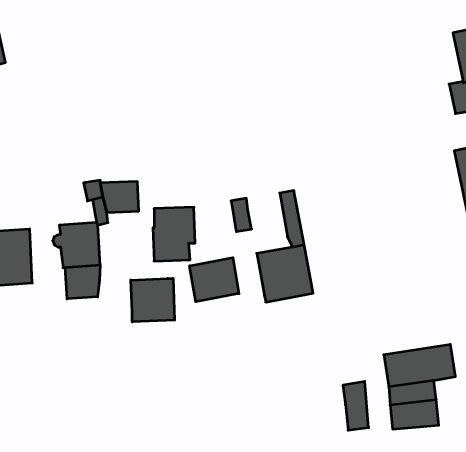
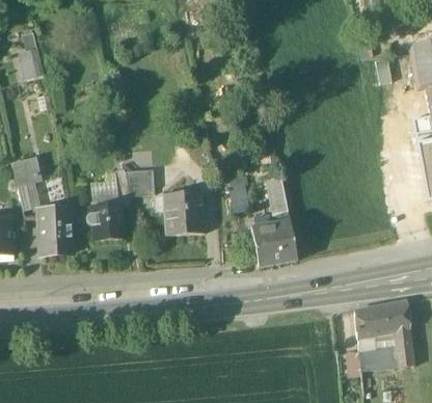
building: [190,258,239,302] -> none
building: [65,265,100,299] -> none
building: [131,278,175,322] -> none
building: [343,381,369,430] -> [395,326,415,366]

